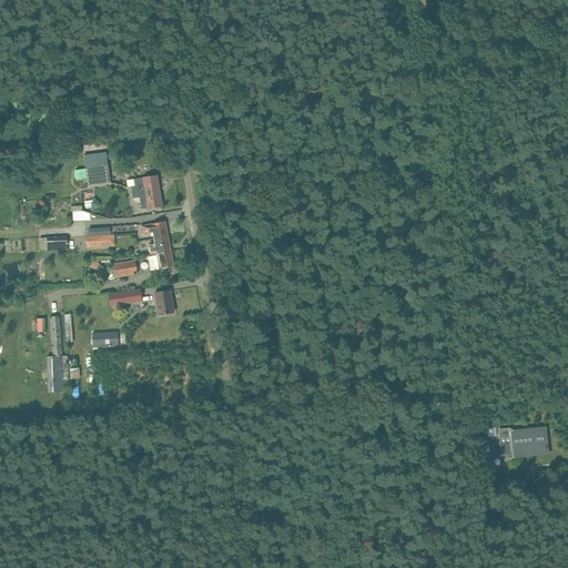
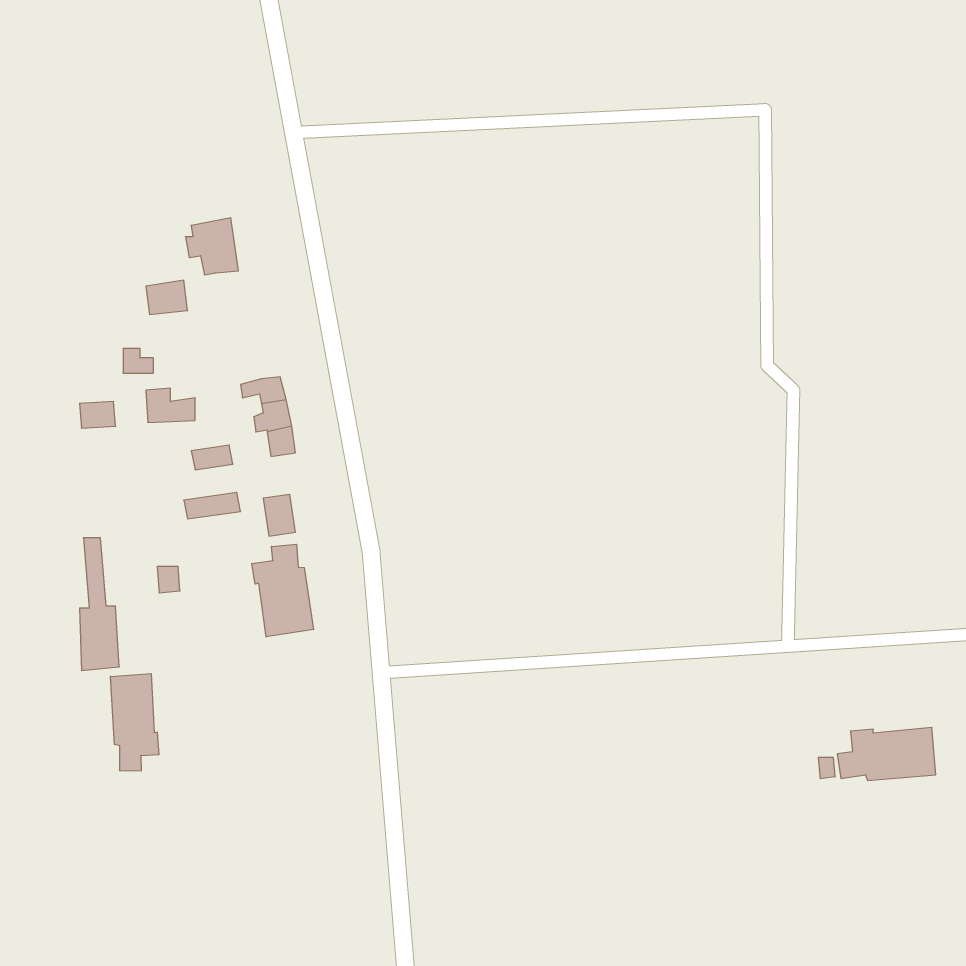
building: [131,174,162,207] -> [185,218,238,275]
building: none -> [252,544,314,637]
building: none -> [110,674,159,771]

